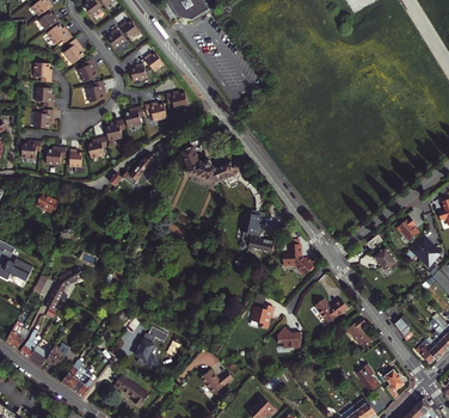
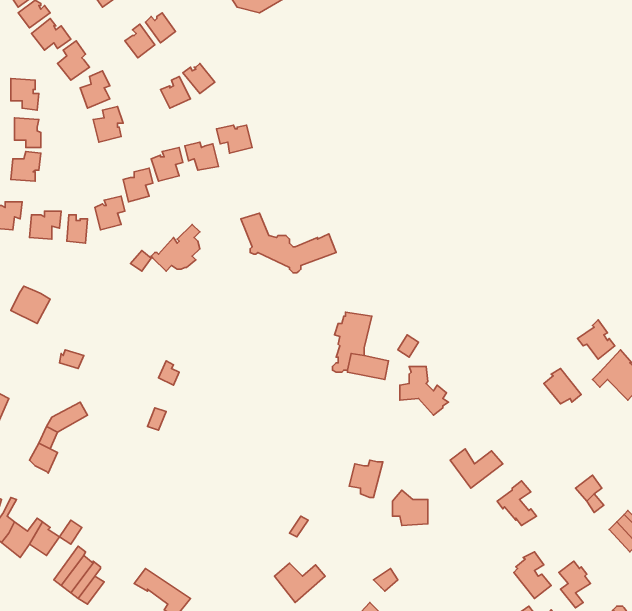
building: [135,325,167,368] -> none

